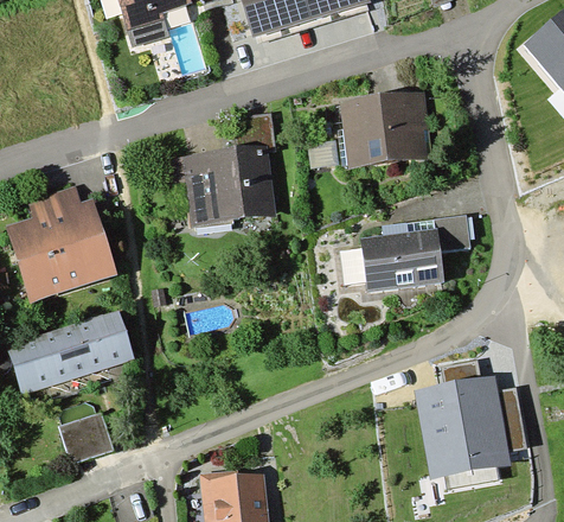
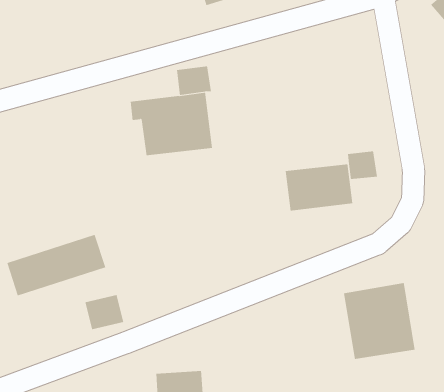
building: [334,95,417,159] -> none
building: [17,190,118,303] -> none
building: [69,420,116,463] -> [85,294,124,330]

